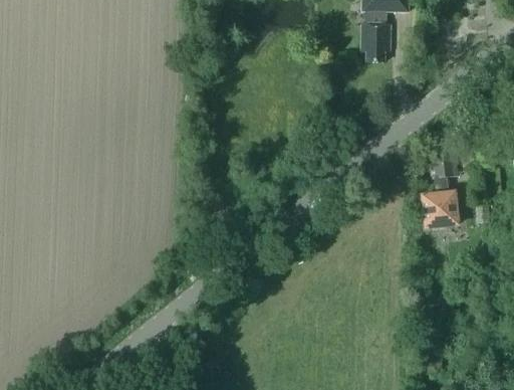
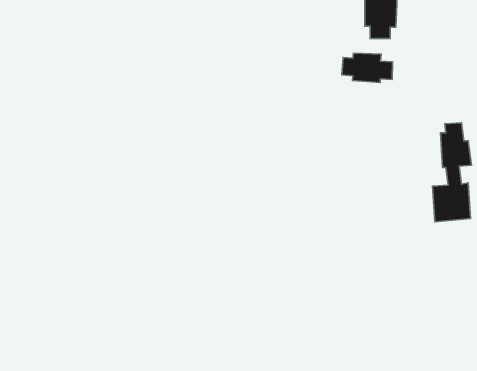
building: none -> [342,53,392,83]

